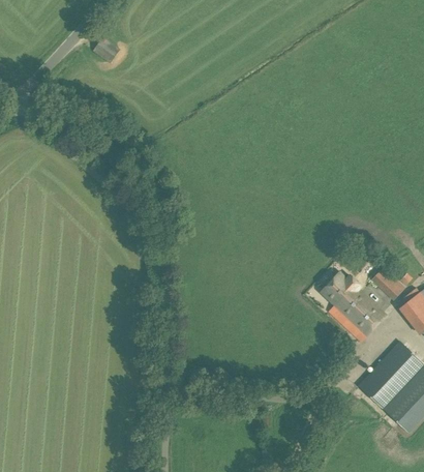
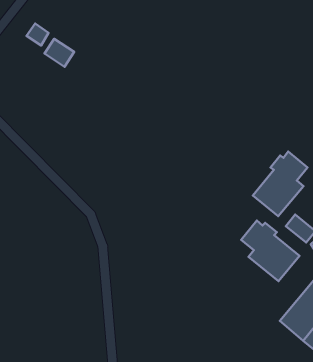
building: none -> [45,39,74,67]
building: none -> [253,152,307,216]

